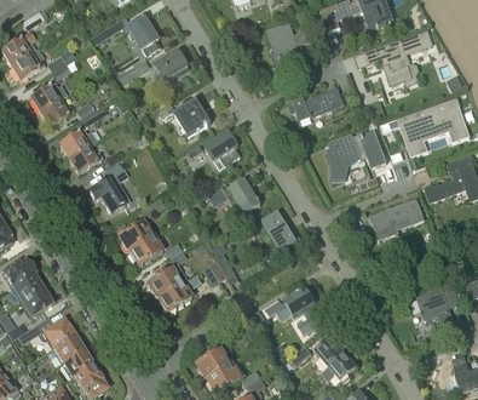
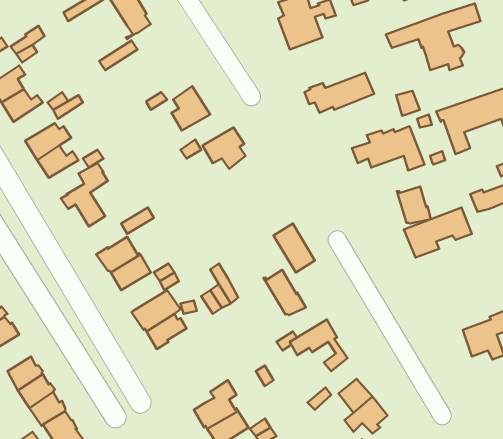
building: [152,50,189,82] -> none
building: [207,178,260,213] -> none
building: none -> [397,187,431,224]
building: none -> [264,270,306,315]

